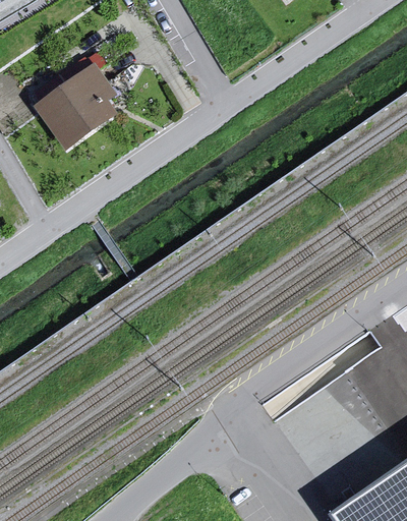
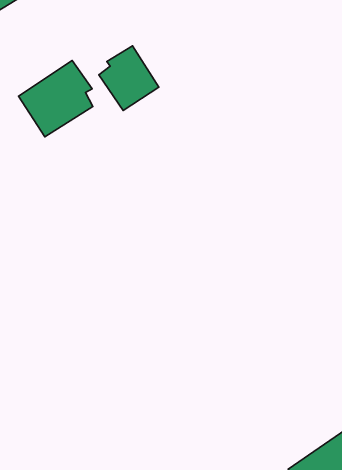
building: none -> [99,46,159,110]

